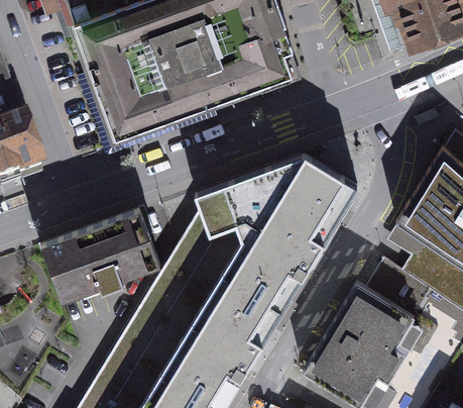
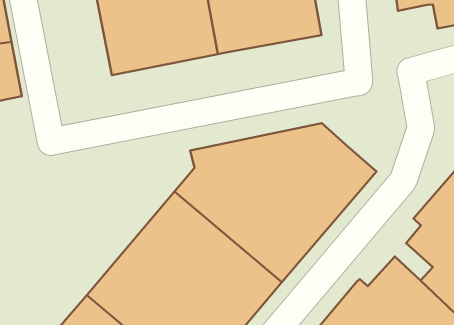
building: [40,209,155,300] -> none

